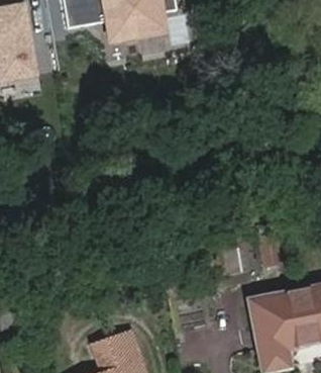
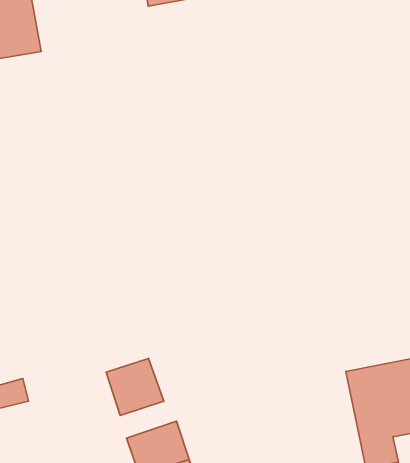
building: none -> [106,359,164,416]

